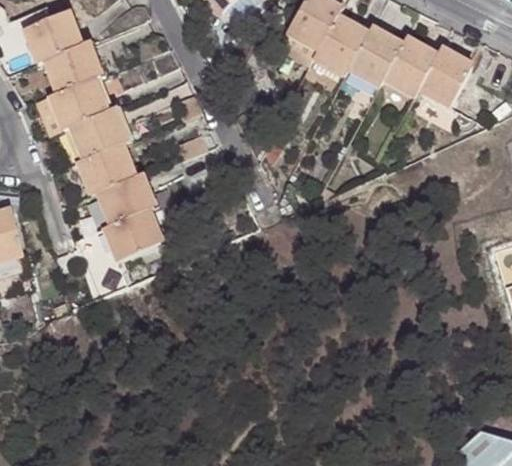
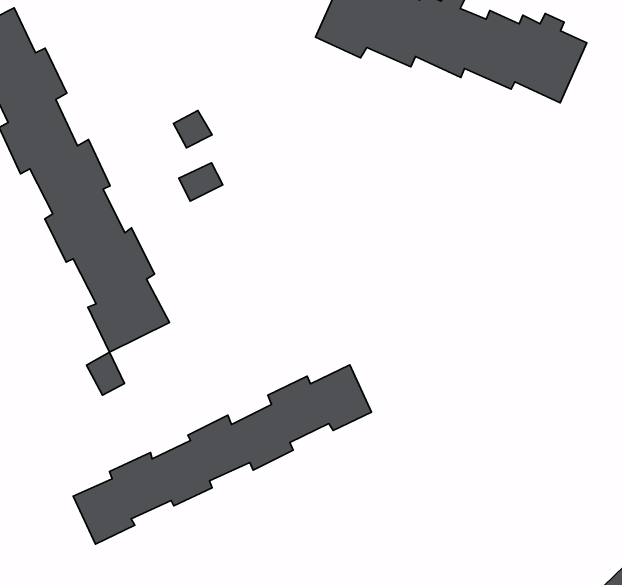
building: none -> [73,365,372,544]

